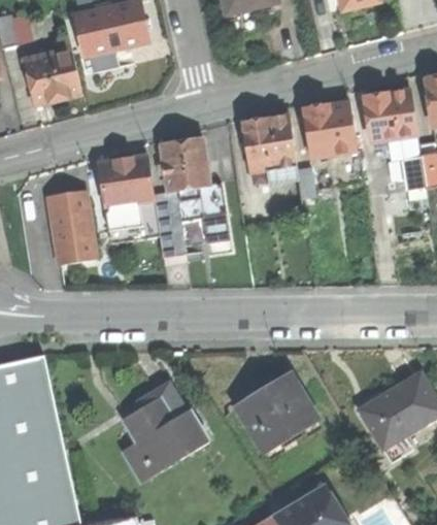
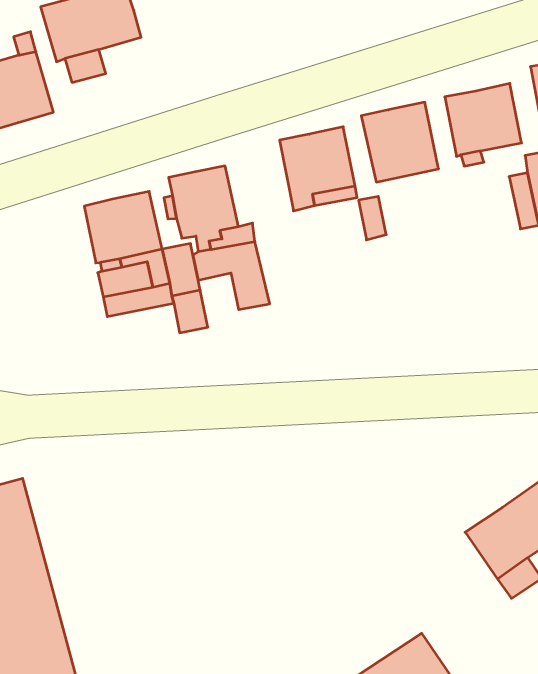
building: [49,188,96,262] -> none
building: [235,372,321,452] -> none
building: [123,381,209,481] -> none

